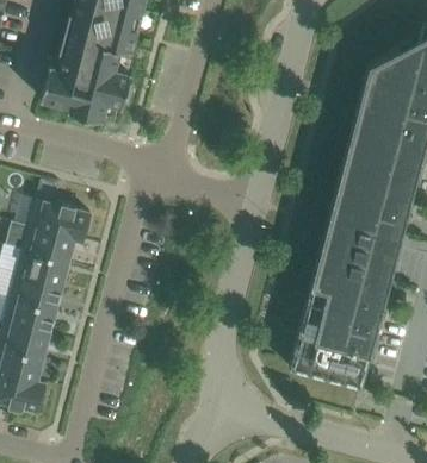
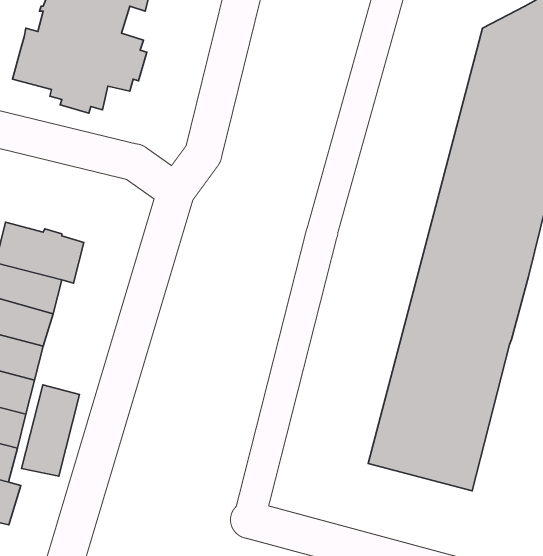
building: none -> [21,385,79,476]

